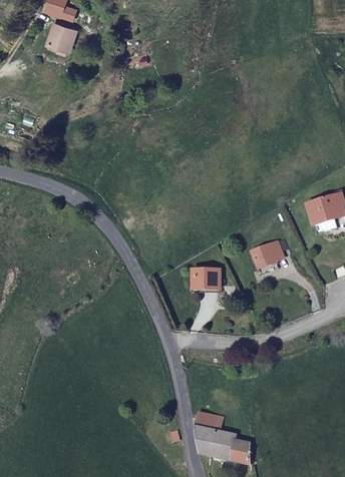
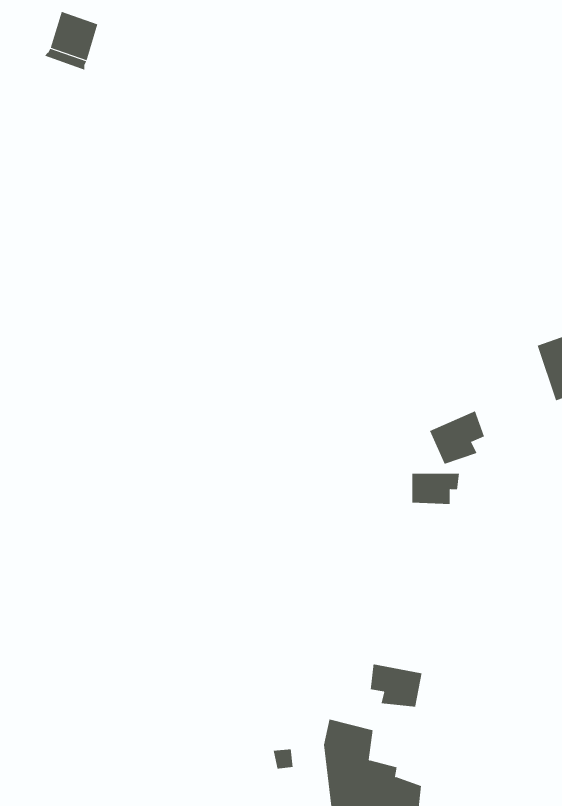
building: [197,270,223,287] -> [411,473,460,505]
building: none -> [370,663,422,707]

